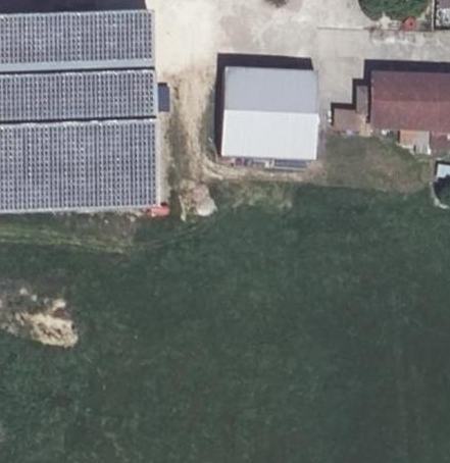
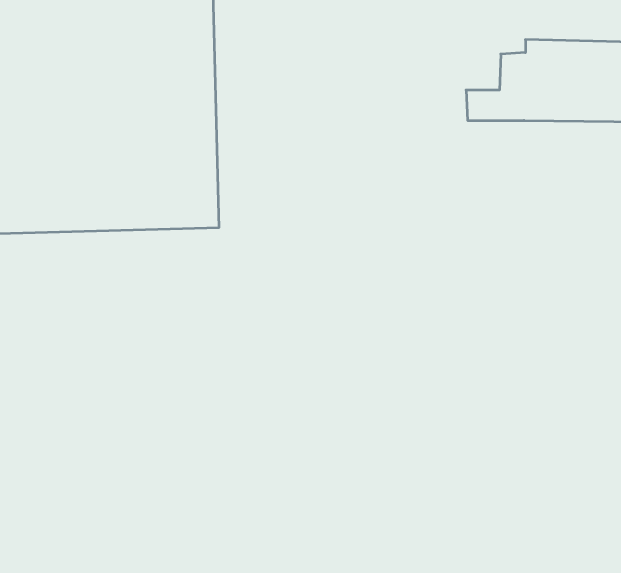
building: [223,69,319,160] -> none

